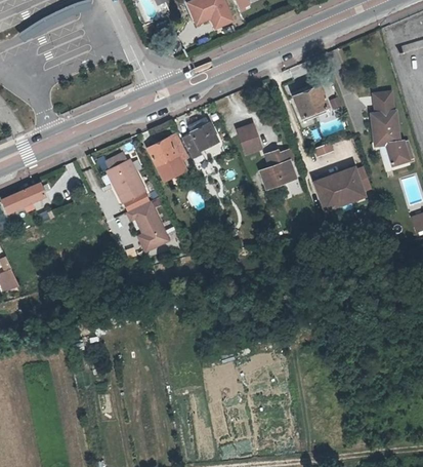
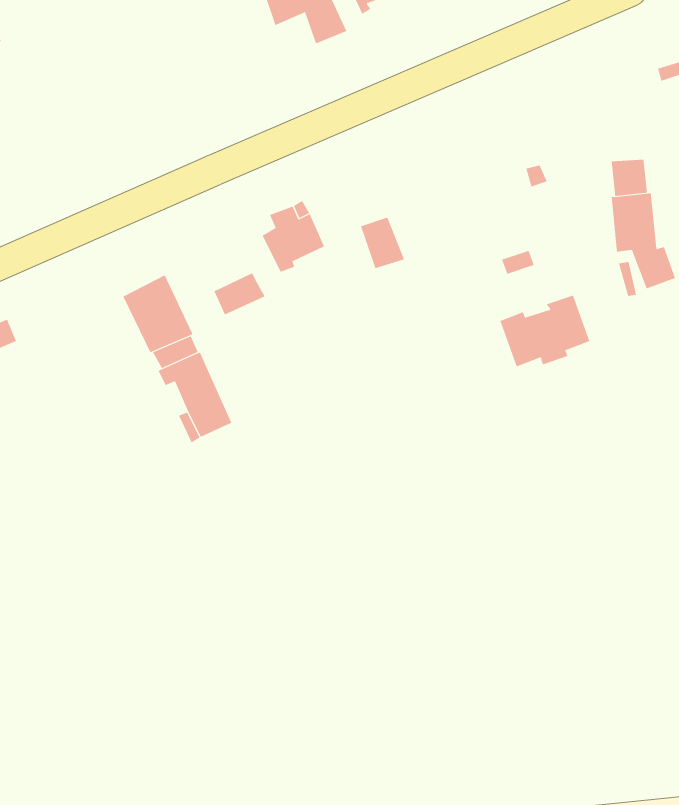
building: [294,86,330,123] -> none
building: [147,133,188,166] -> none
building: [259,150,294,190] -> none

